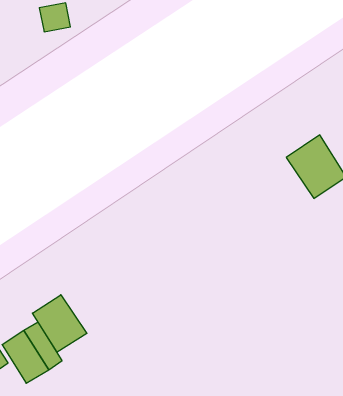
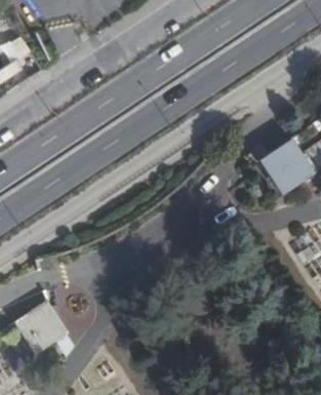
building: [32,295,87,352] -> none

